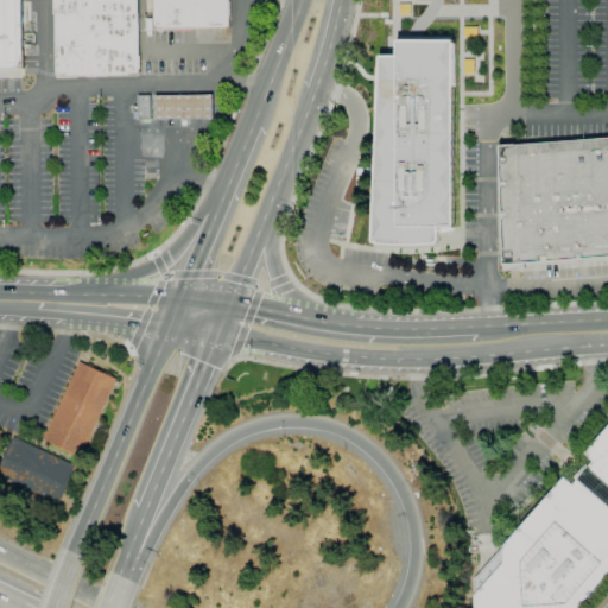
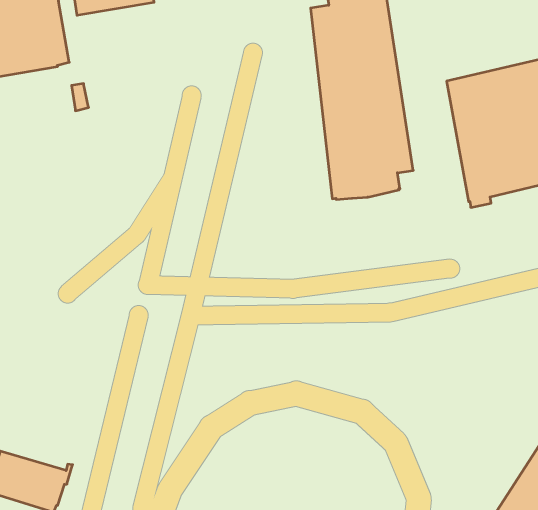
building: [154,95,211,120] -> none
building: [43,361,115,455] -> none

